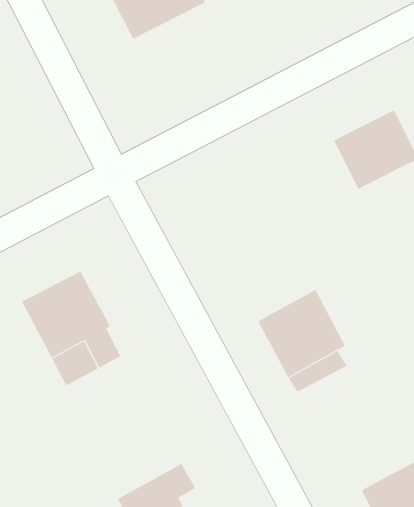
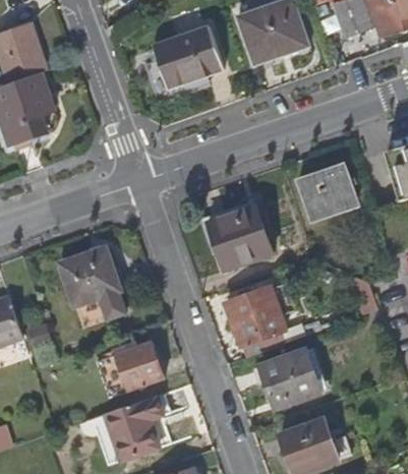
building: none -> [209,204,271,269]
building: none -> [259,348,320,407]
building: none -> [97,341,164,396]

